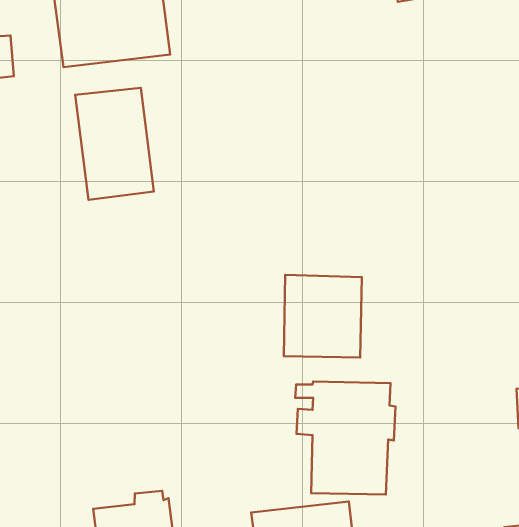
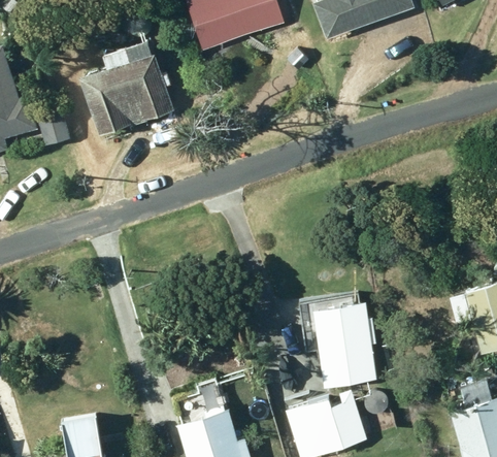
building: [75,88,154,200] -> none
building: [284,275,362,357] -> none

